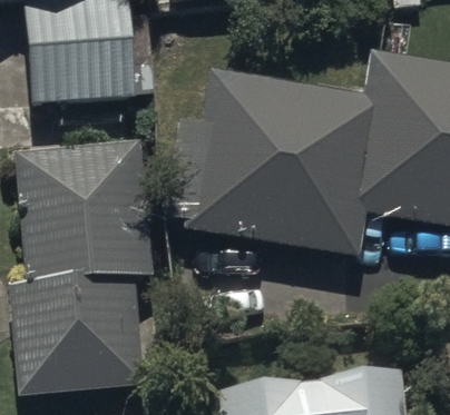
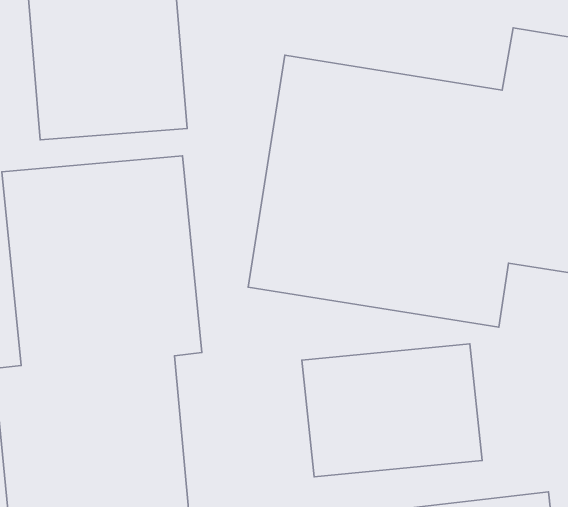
building: none -> [302,344,482,477]

